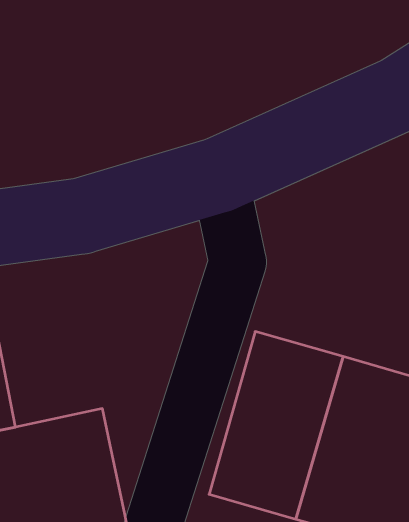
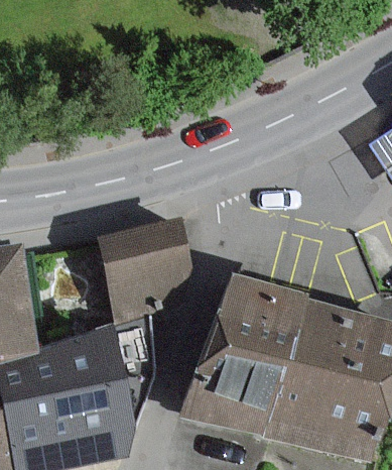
building: none -> [103,218,184,317]

